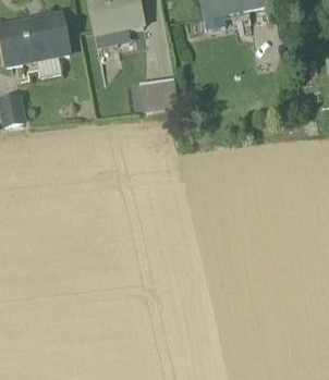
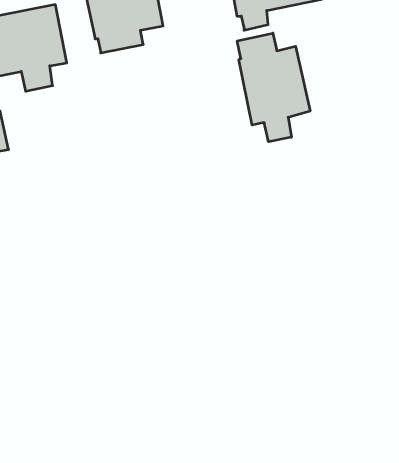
building: none -> [237,33,310,142]
building: [143,78,178,107] -> none

